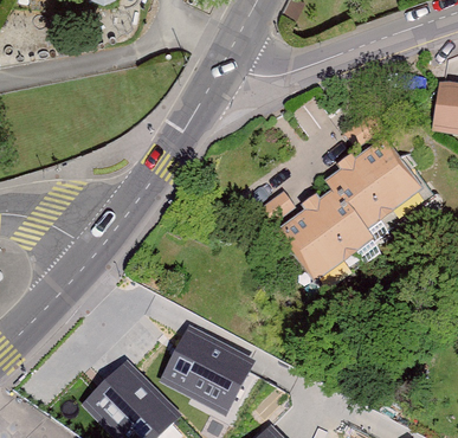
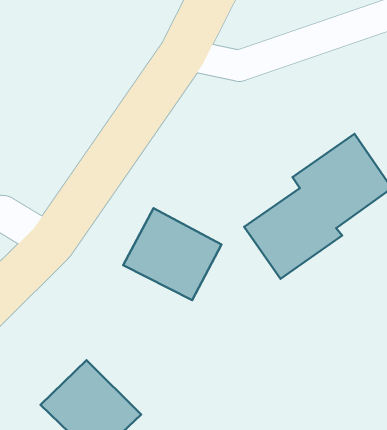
building: [159,328,254,418] -> [123,208,221,300]

